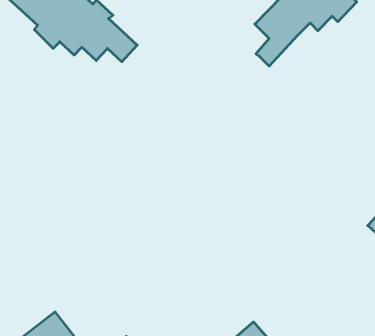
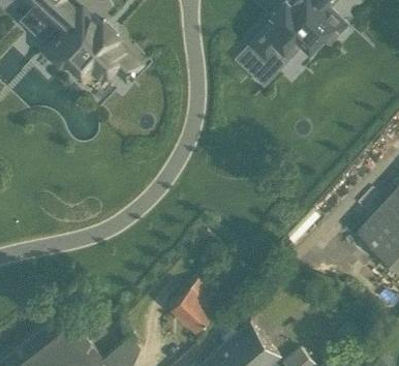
building: none -> [171,287,214,331]

